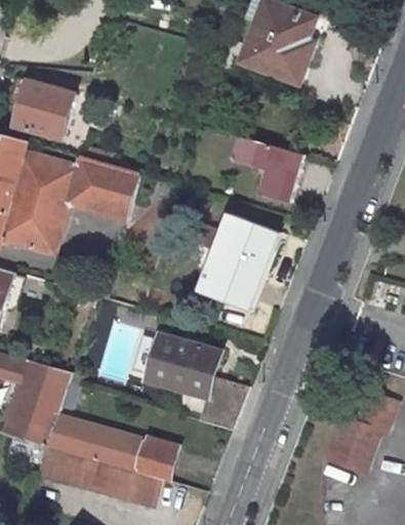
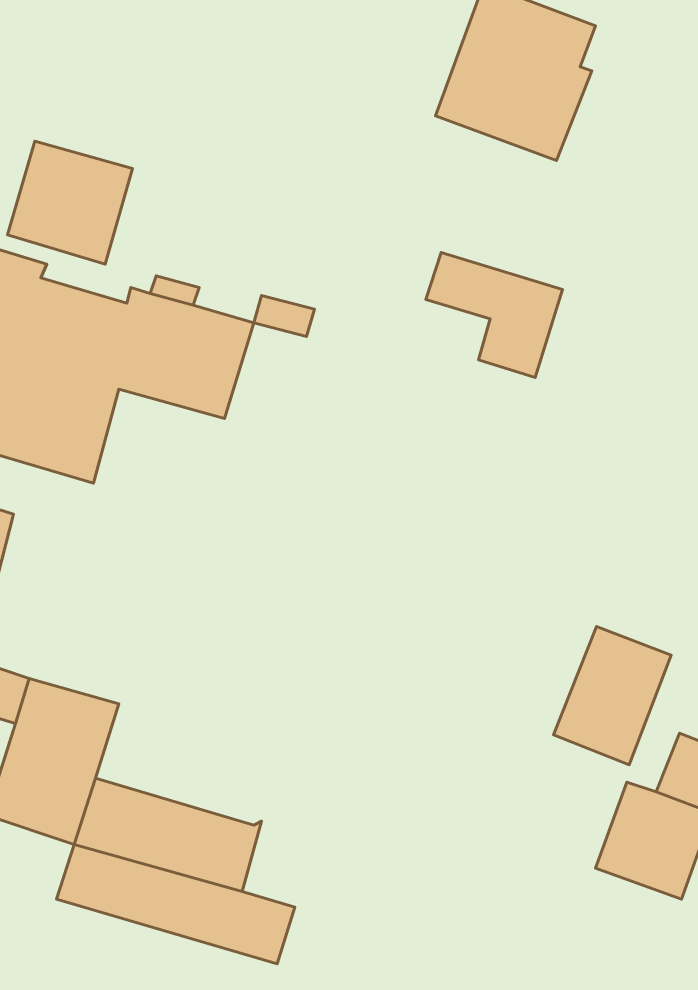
building: [196,211,282,313] -> none
building: [141,330,245,429] -> none
building: none -> [553,626,671,765]
building: [133,434,179,481] -> none

